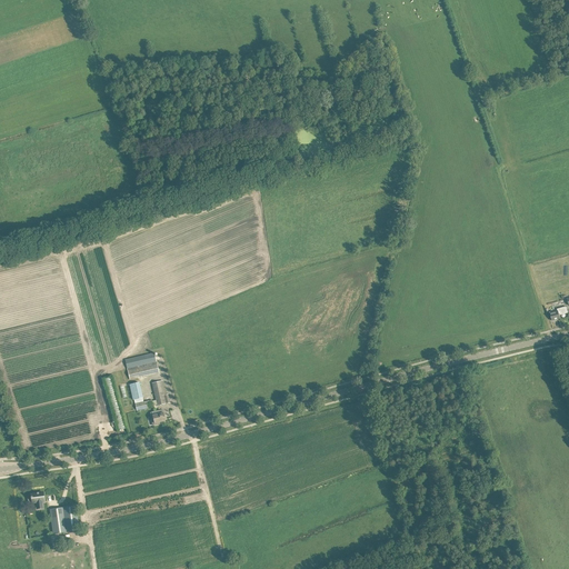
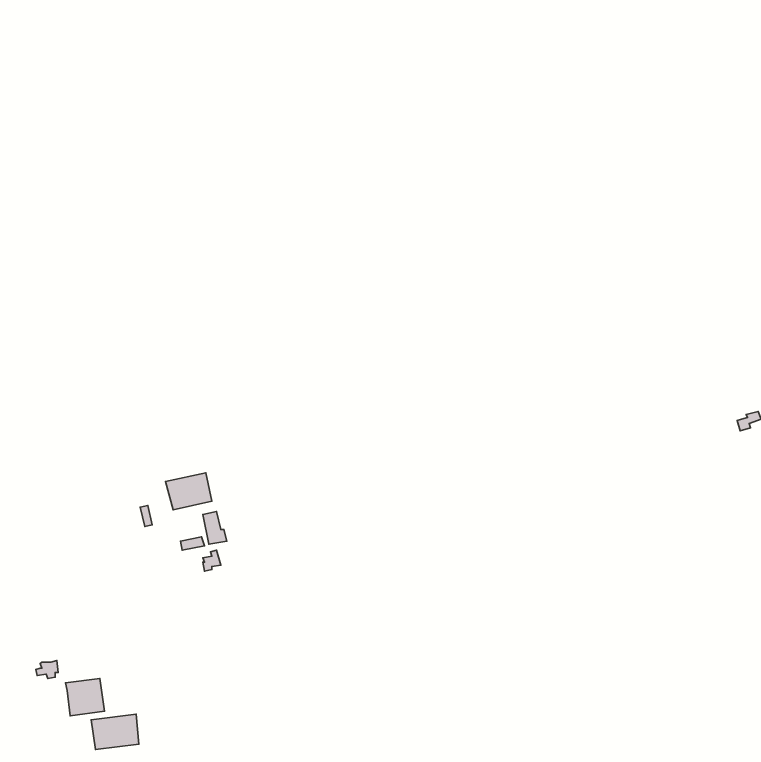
building: none -> [91,714,139,750]

